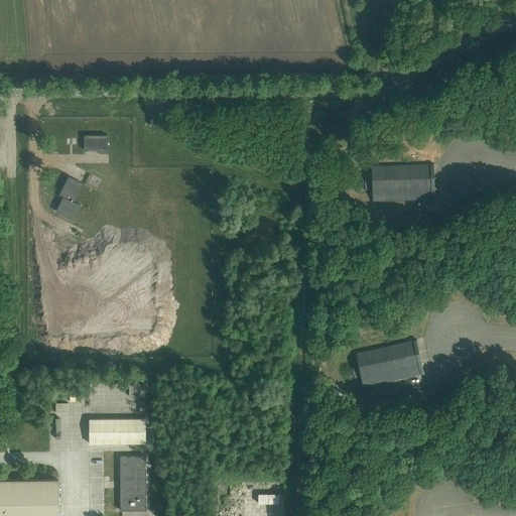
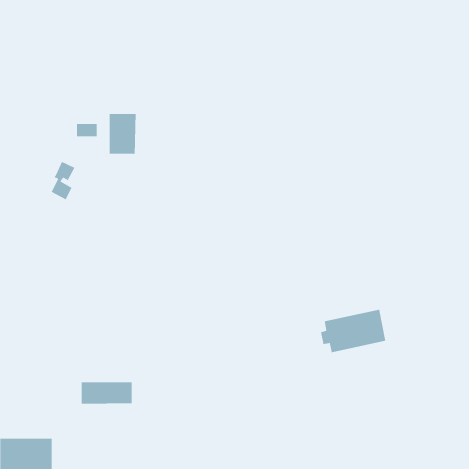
building: none -> [109,113,137,155]
building: [364,164,434,202] -> none
building: [119,457,146,511] -> none

